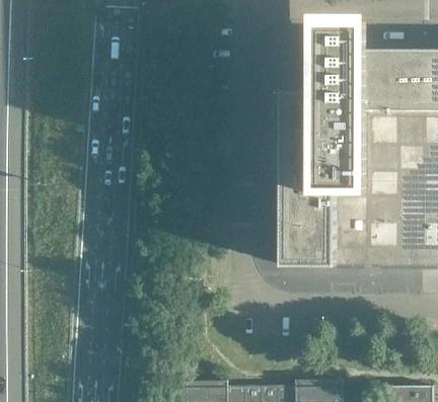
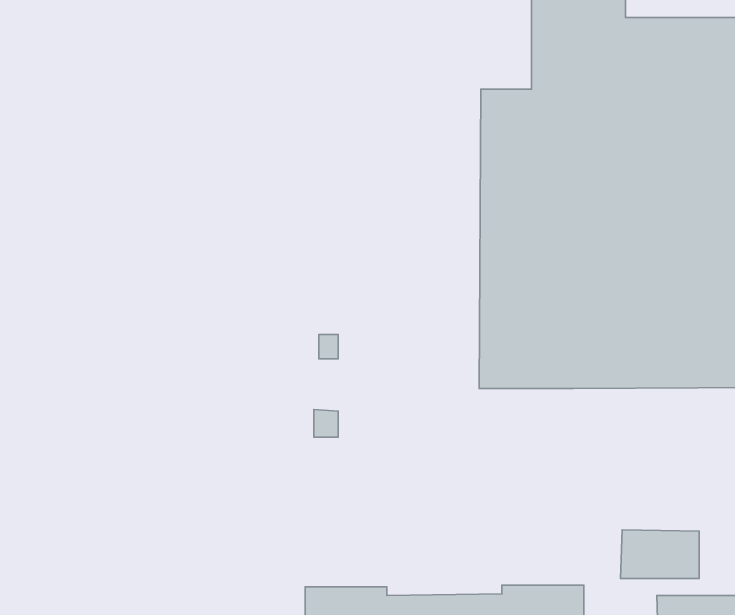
building: none -> [620,530,699,579]

